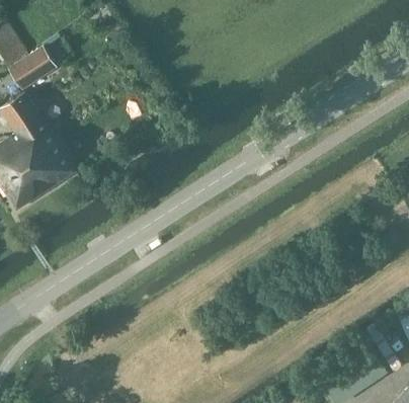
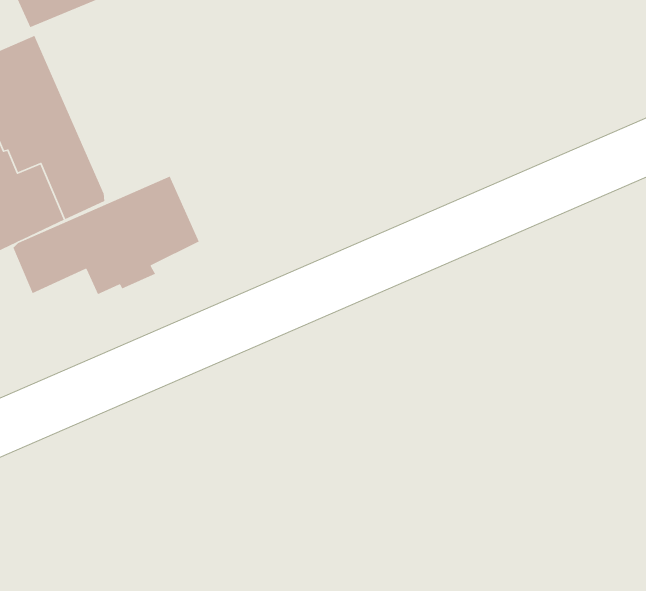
building: none -> [13,175,200,295]

